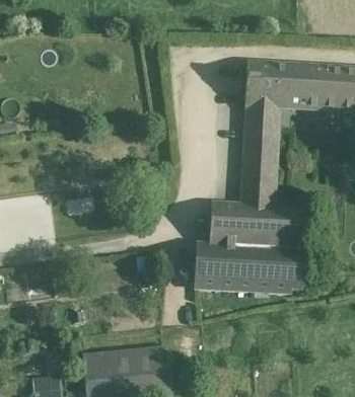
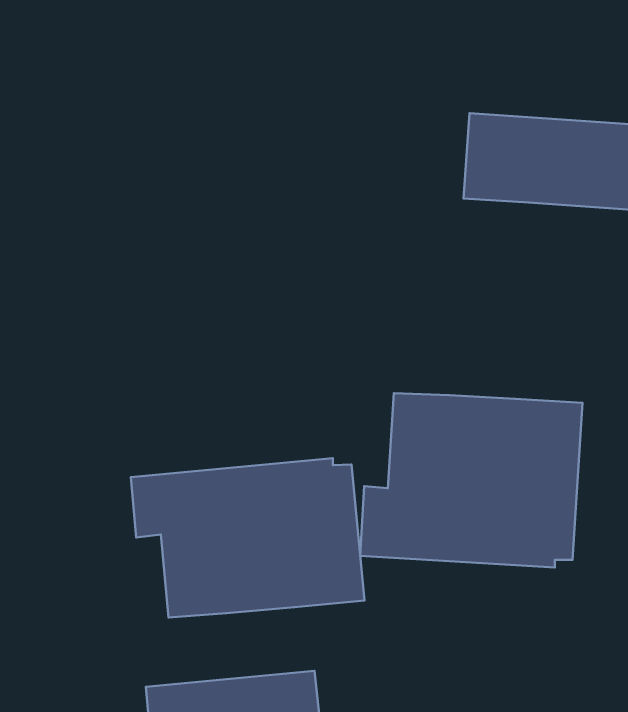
building: [238,104,279,207] -> none
building: none -> [131,458,364,617]

